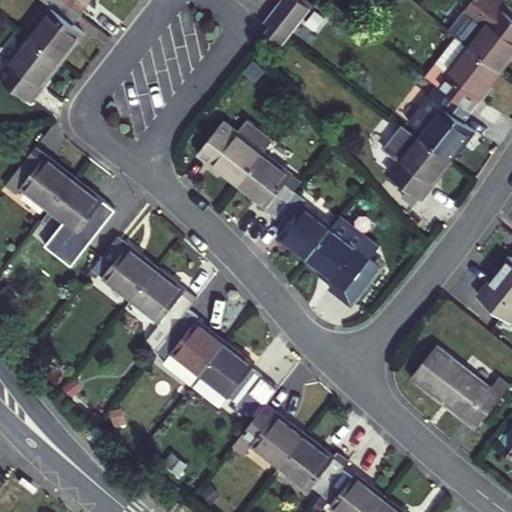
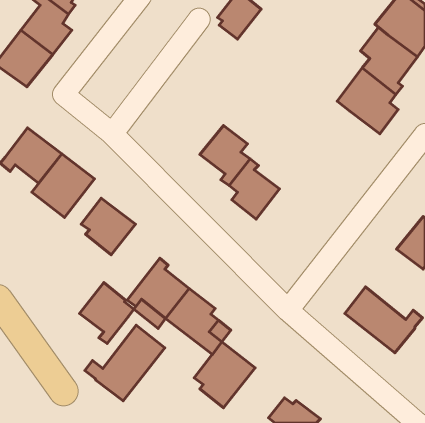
building: [201,120,267,185] -> none
building: [386,133,454,201] -> none
building: [306,215,388,312] -> none
building: [133,268,198,341] -> [79,283,134,344]
building: none -> [85,325,165,401]
building: [277,440,348,500] -> none

